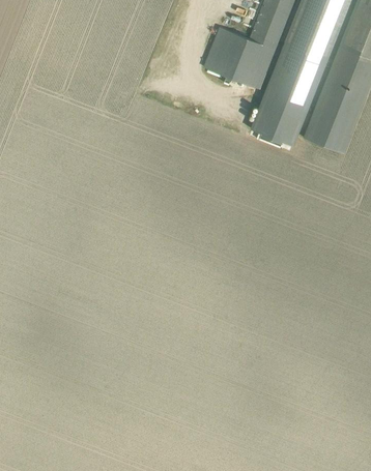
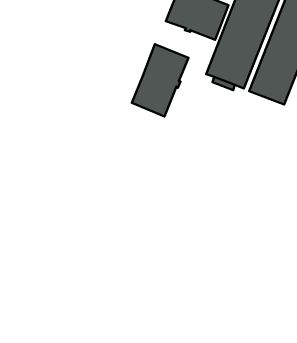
building: none -> [132,44,189,117]

